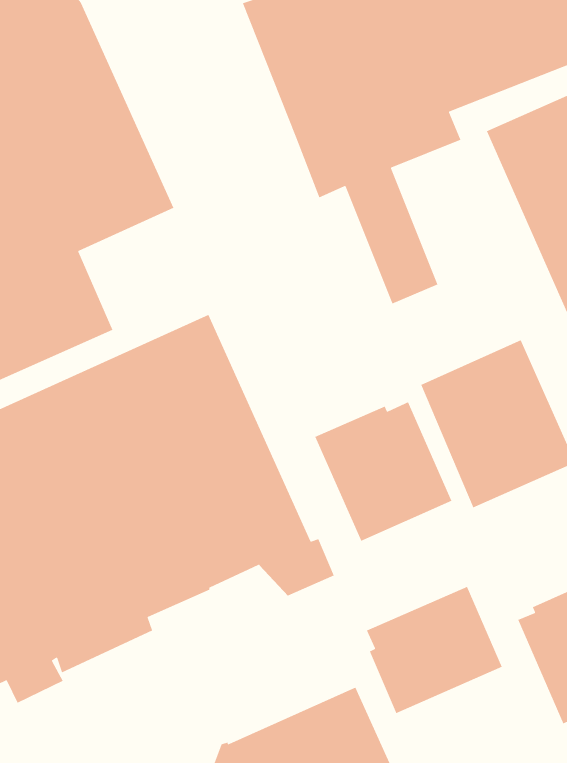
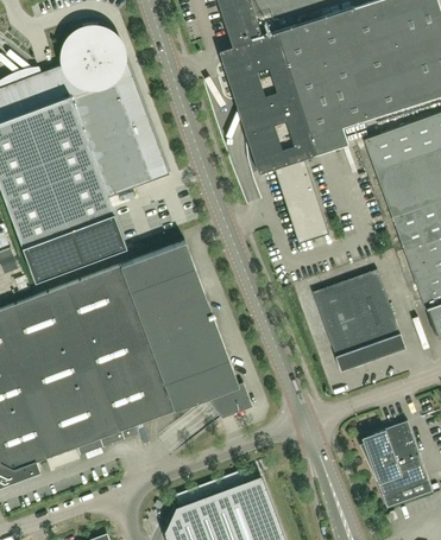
building: [314,401,453,542] -> none
building: [366,586,503,714] -> none

